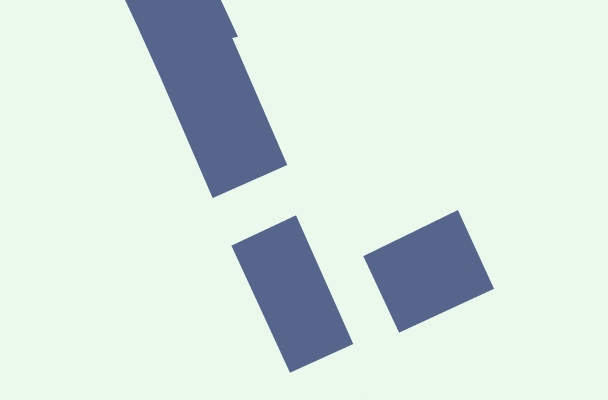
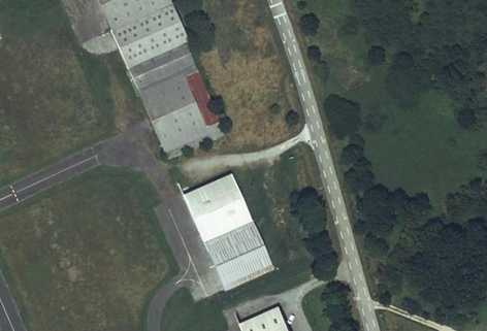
building: [363,209,495,334] -> none

